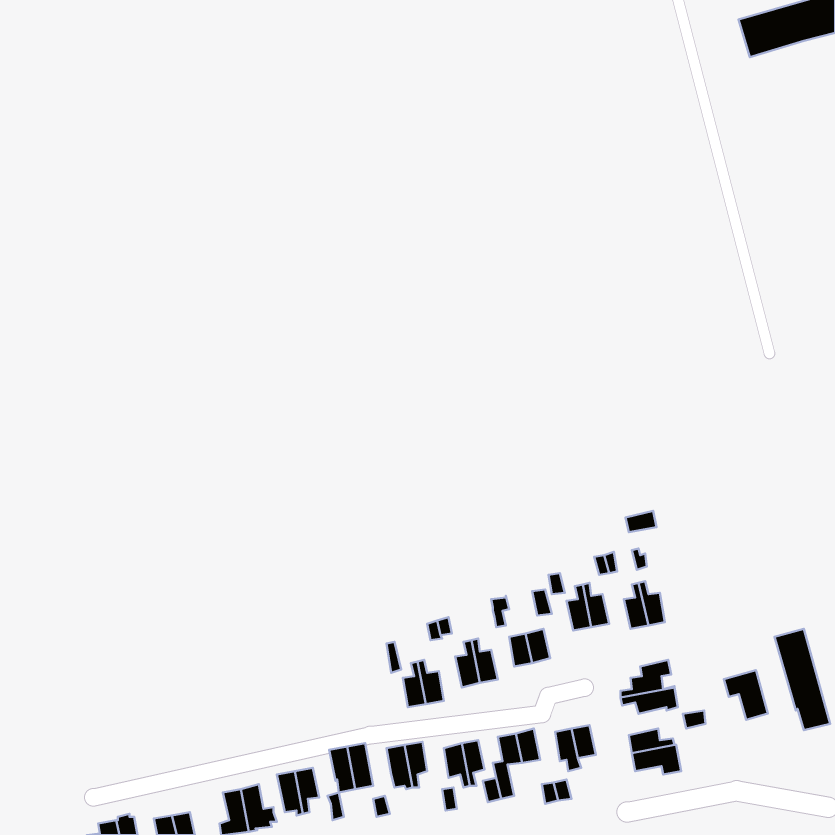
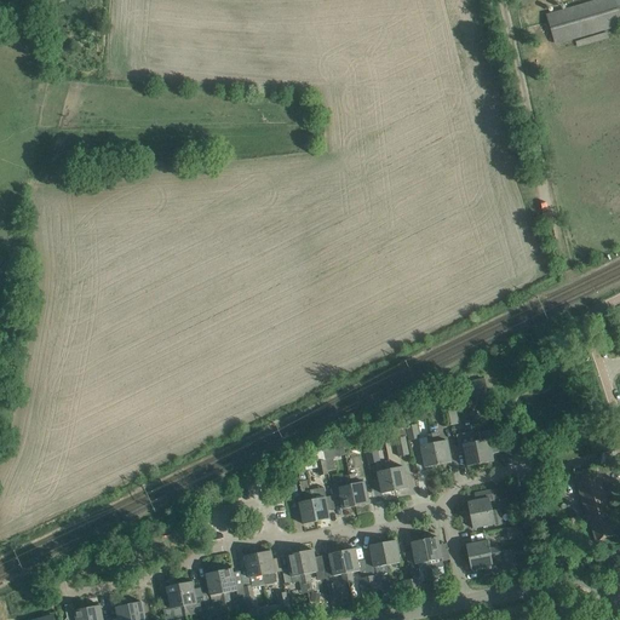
building: [724,670,768,720] -> none

